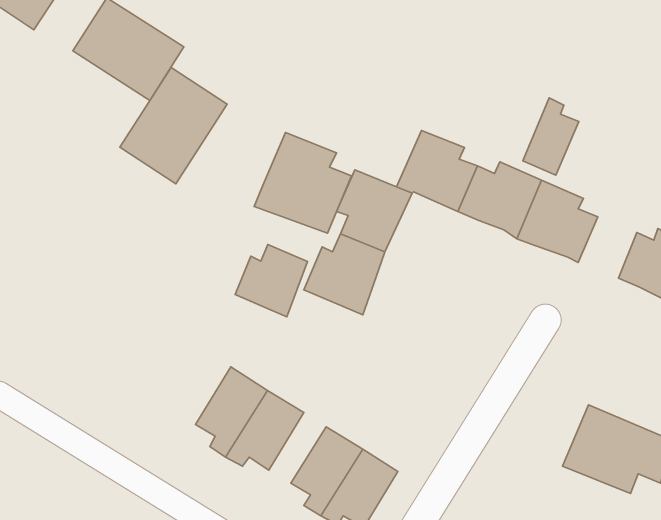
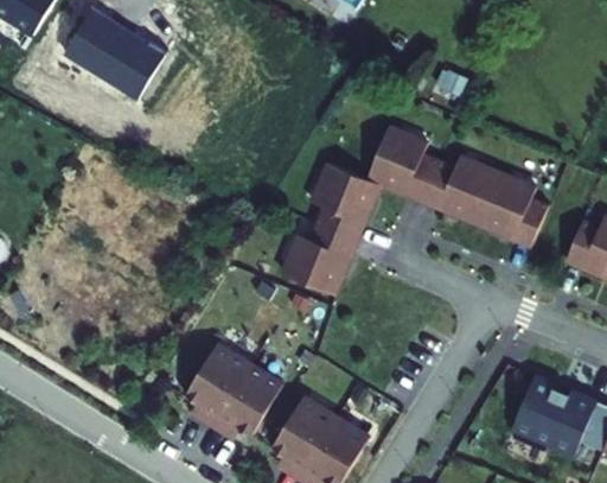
building: [120,67,227,184] -> none
building: [523,98,579,175] -> none
building: [254,133,352,233] -> none
building: [235,244,308,317] -> none

